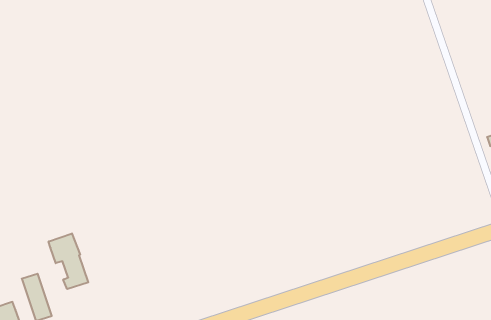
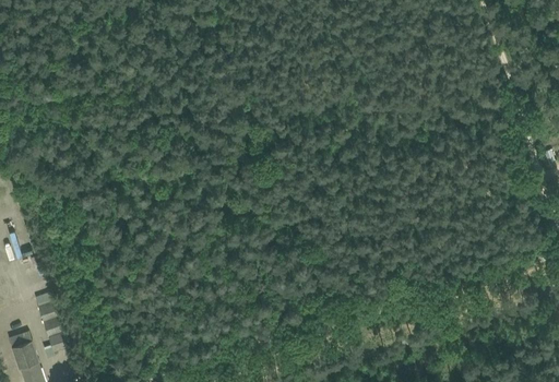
building: [49,233,88,289] -> none

